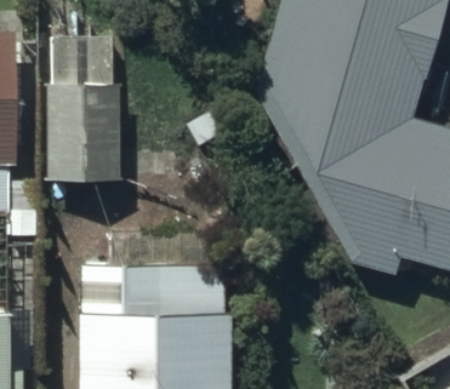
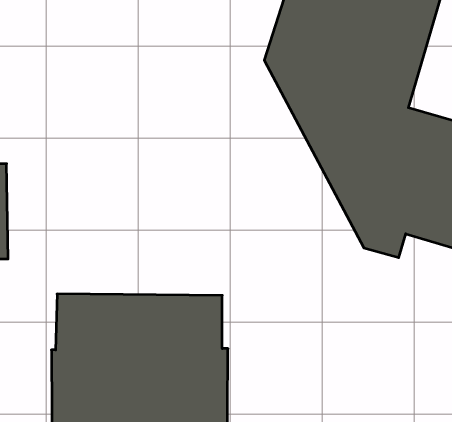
building: [46,40,127,183] -> none

